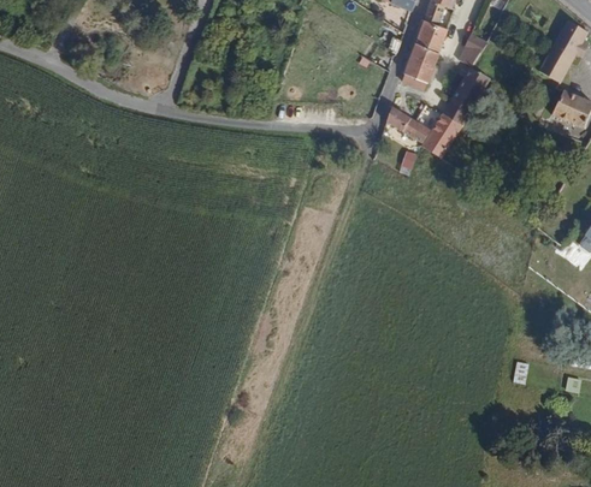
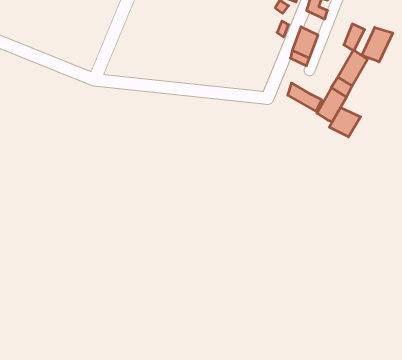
building: [414,18,444,49] -> none
building: none -> [362,27,393,62]
building: none -> [329,107,361,137]

